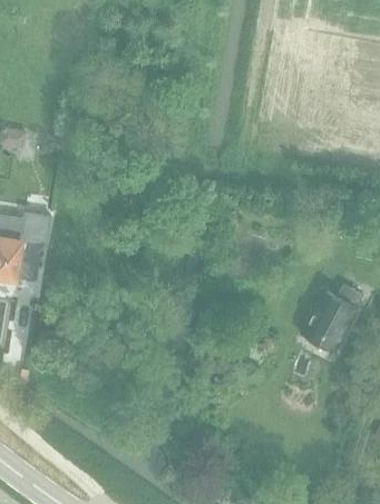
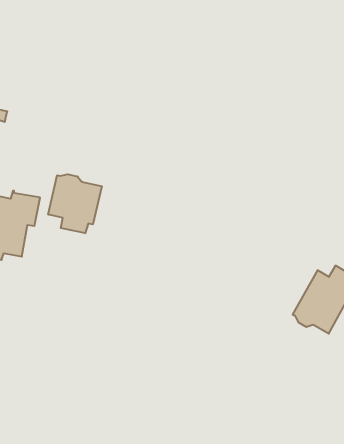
building: none -> [48,174,102,233]

